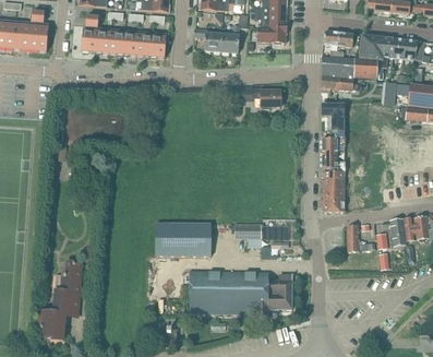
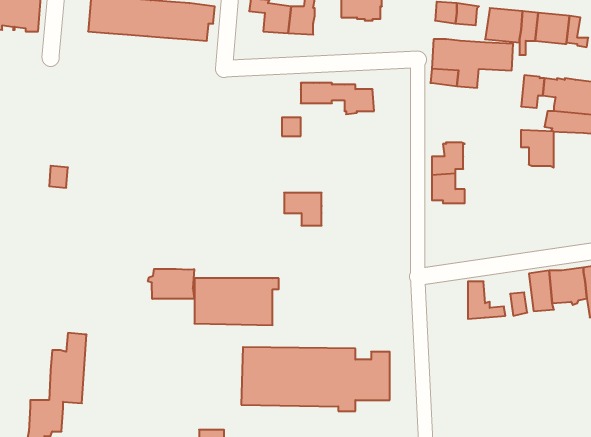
building: [321,104,344,130] -> [521,130,554,168]
building: [322,171,344,212] -> none
building: none -> [148,269,194,299]
building: [234,224,261,247] -> [284,193,322,226]

